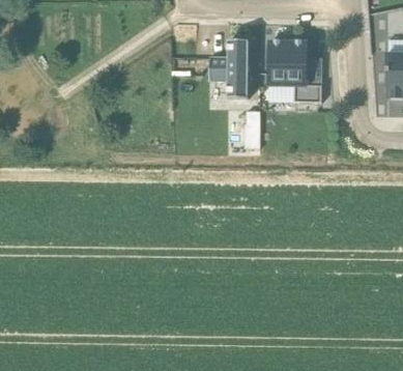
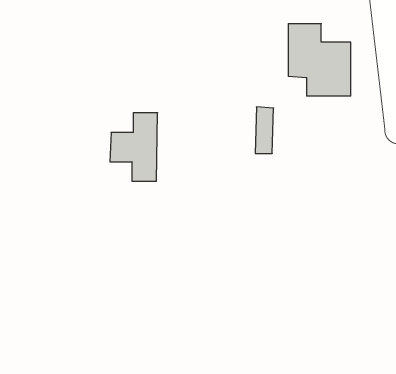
building: [208,39,249,97] -> [110,113,158,181]

